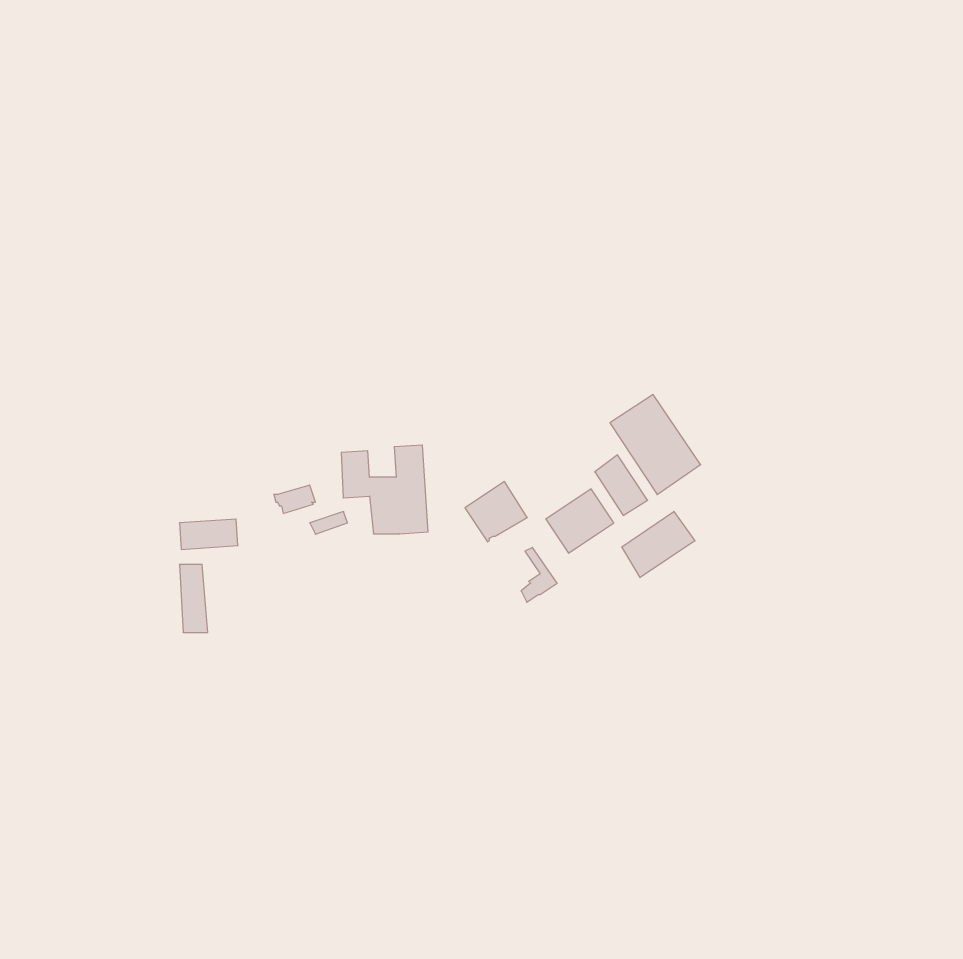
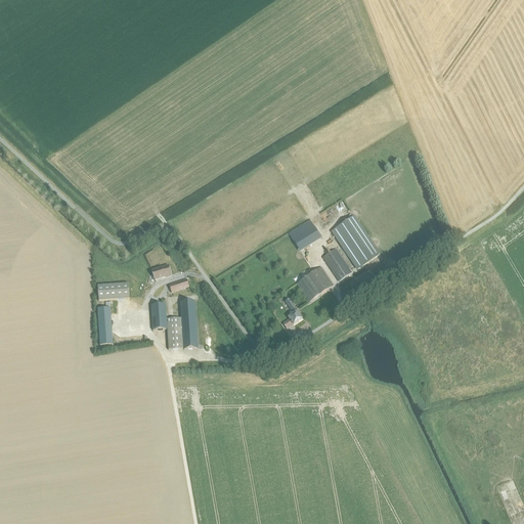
building: [341,445,428,534] -> [150,299,198,347]
building: [465,482,527,542] -> [288,218,321,251]
building: [622,511,695,578] -> none

